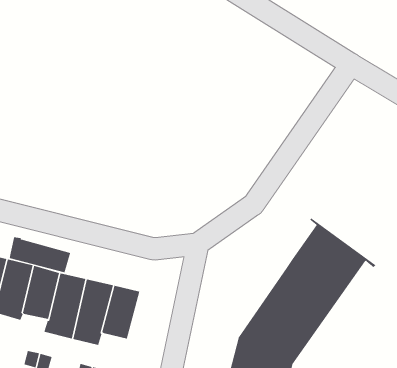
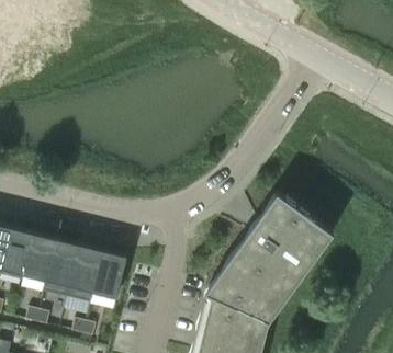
building: [9,236,71,273] -> none

